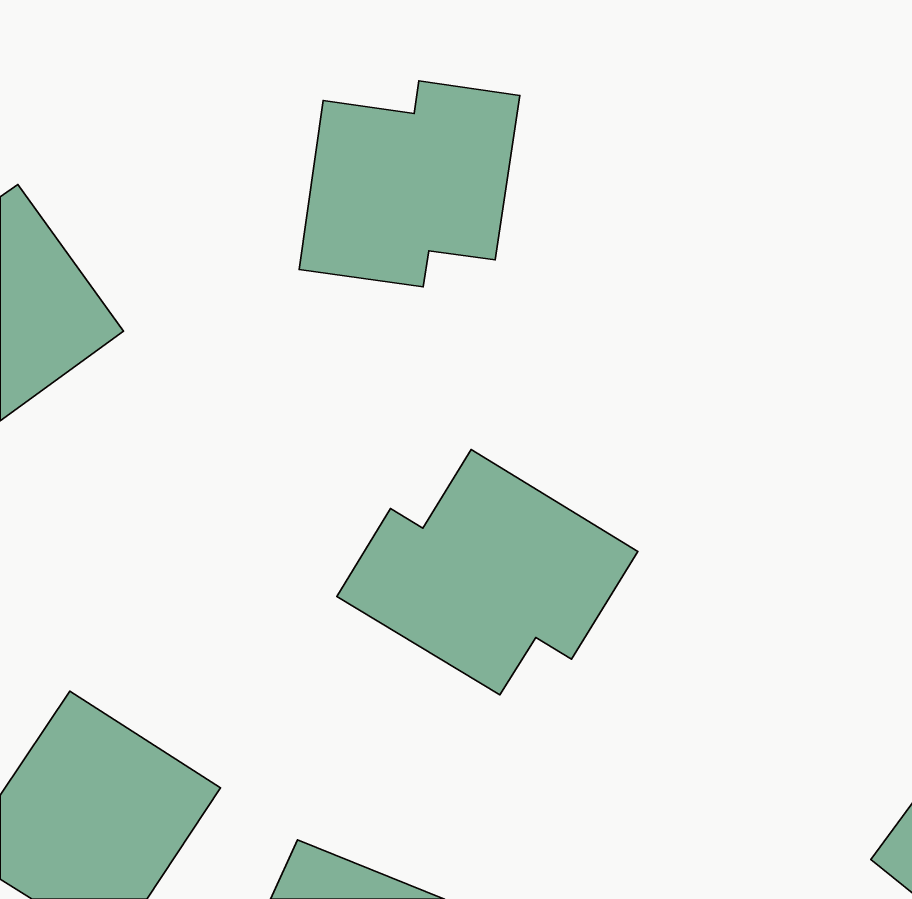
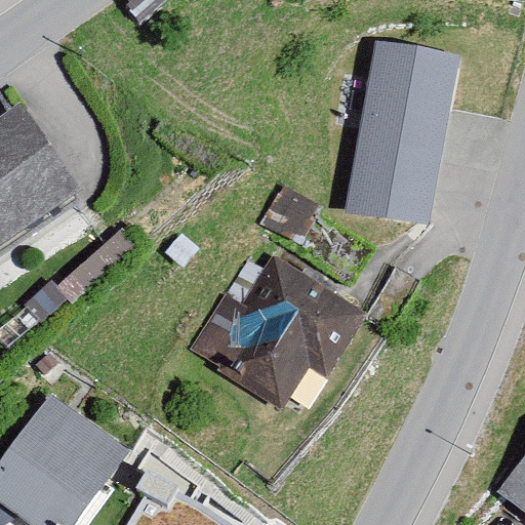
building: none -> [344,46,450,221]
building: [299,81,520,287] -> none

